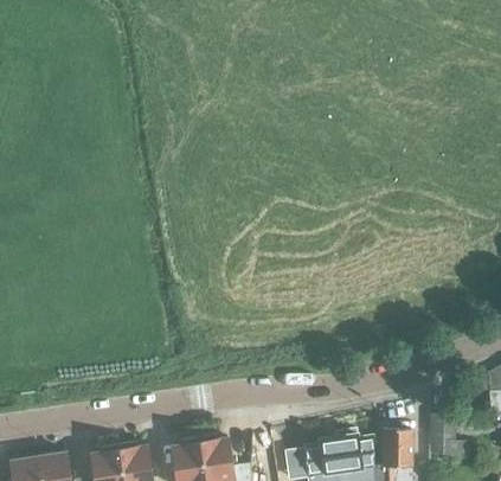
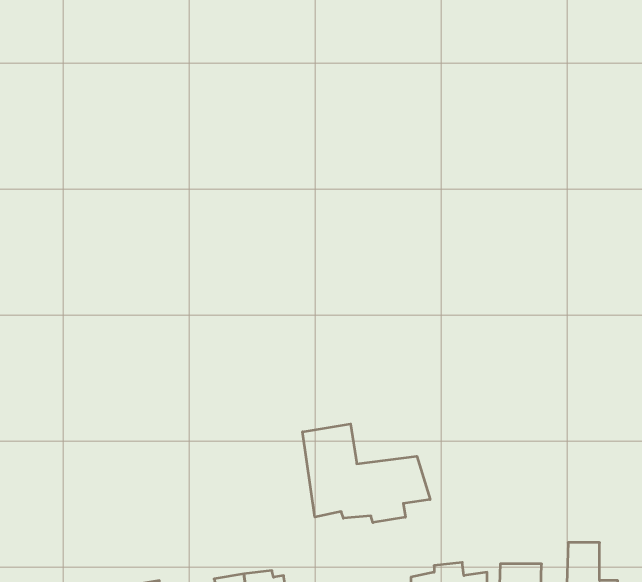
building: none -> [303,424,430,523]

